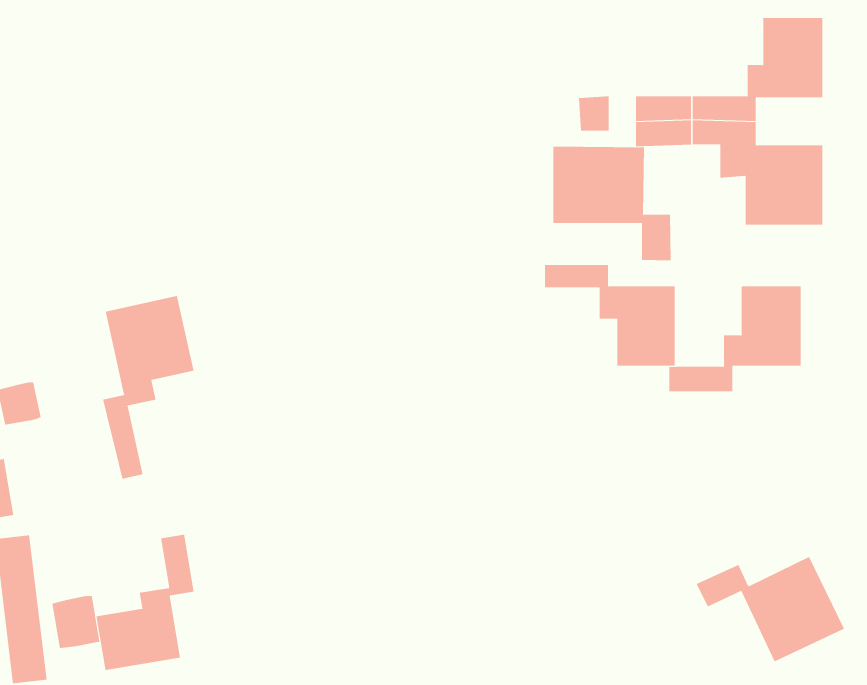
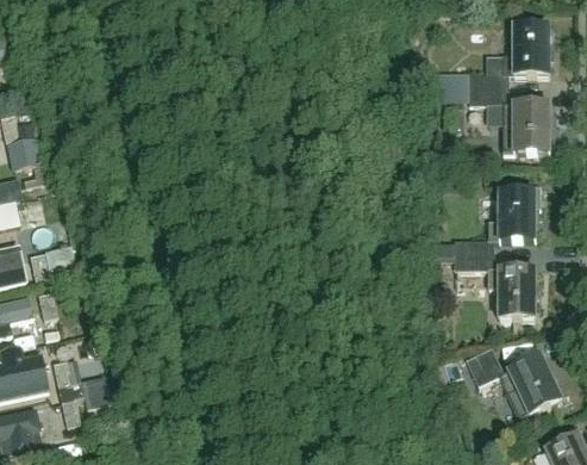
building: [553,146,671,261] -> none
building: [544,264,675,366] -> [455,254,535,316]
building: [102,295,194,479] -> none
building: [96,534,194,671] -> none

